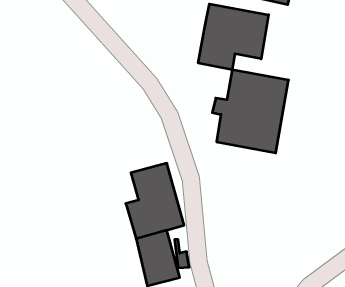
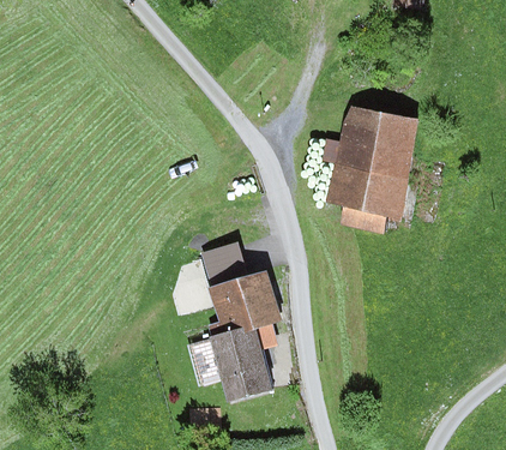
building: [198,4,269,70] -> none

